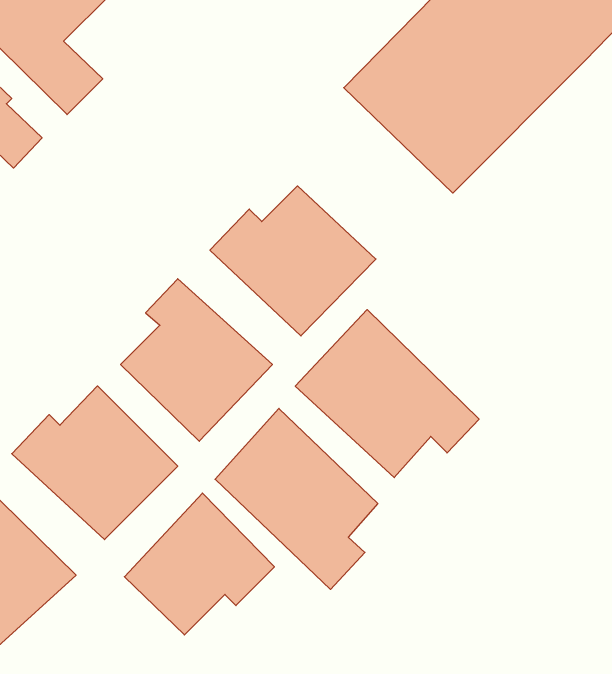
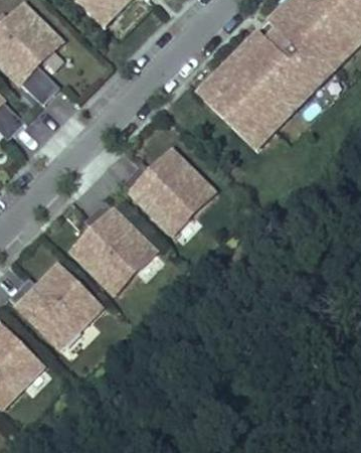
building: [295,310,479,478] -> none
building: [215,408,378,589] -> none
building: [124,493,274,635] -> none

